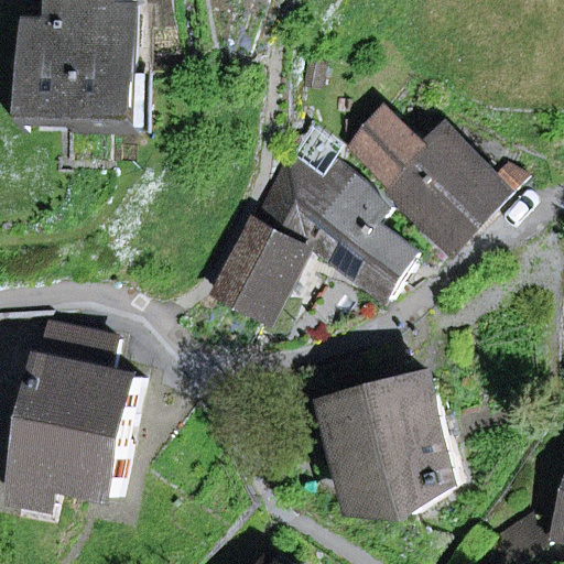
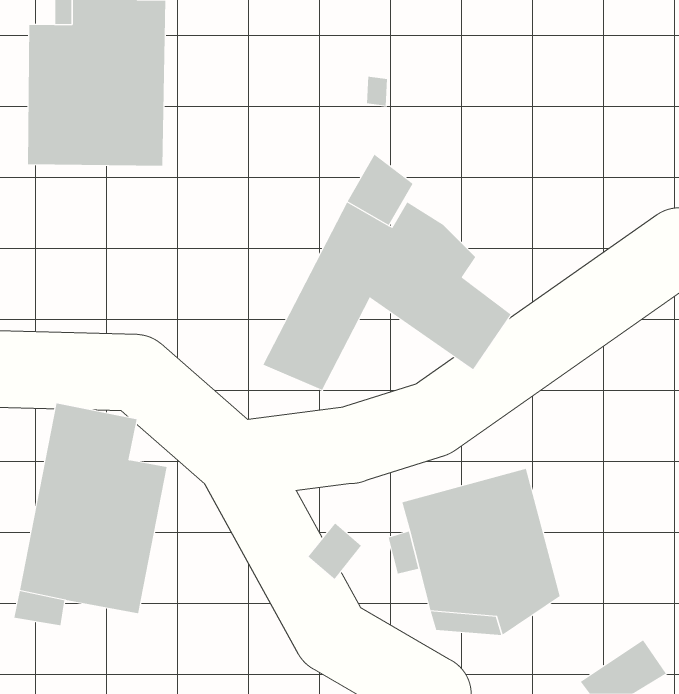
building: [345,111,520,241] -> none

